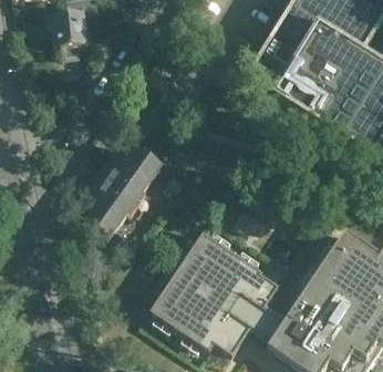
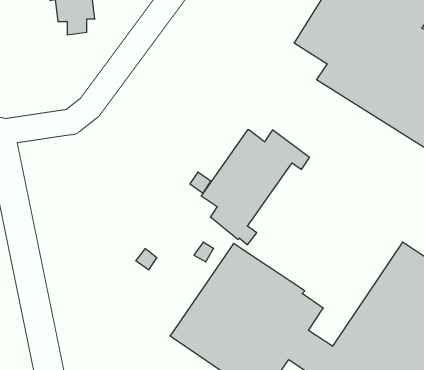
building: [80,145,170,241] -> [201,130,309,245]

